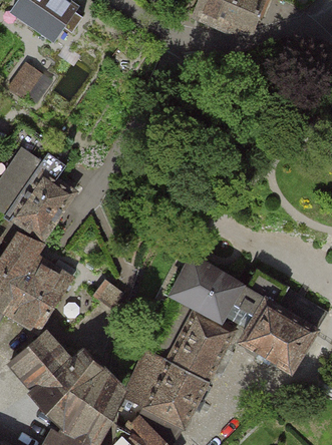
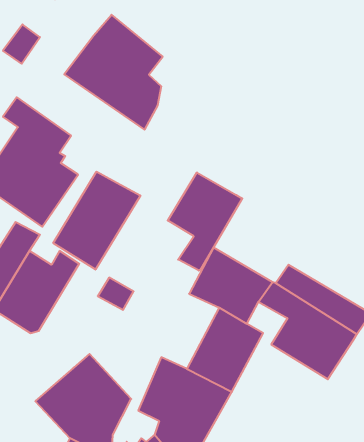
building: none -> [64,15,163,130]
building: none -> [53,172,140,270]
building: none -> [168,172,242,271]
building: [10,333,68,391] -> none

